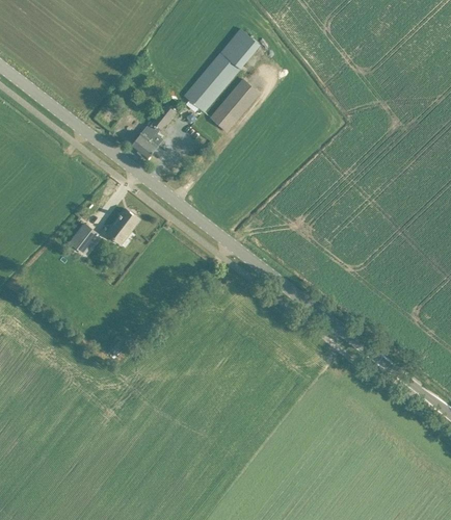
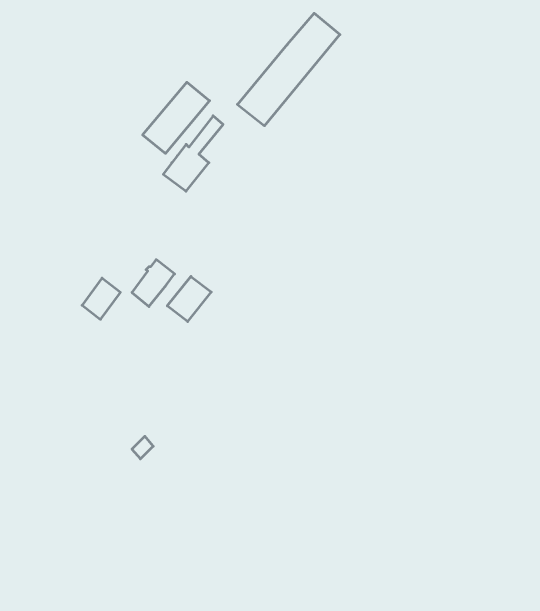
building: [210,79,259,131] -> [143,82,210,153]
building: none -> [167,276,211,322]

